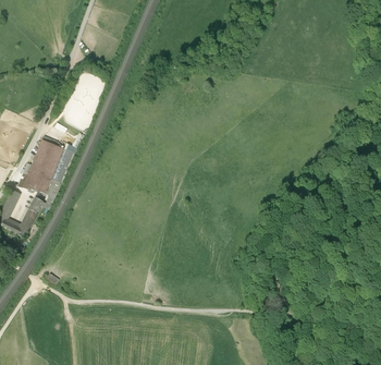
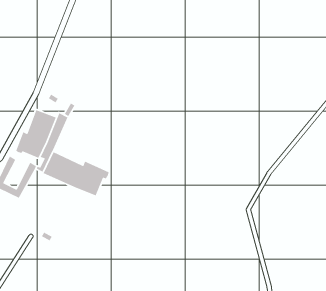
building: none -> [43,151,109,196]

